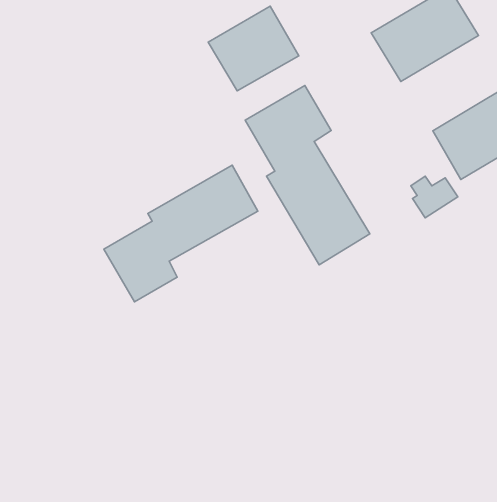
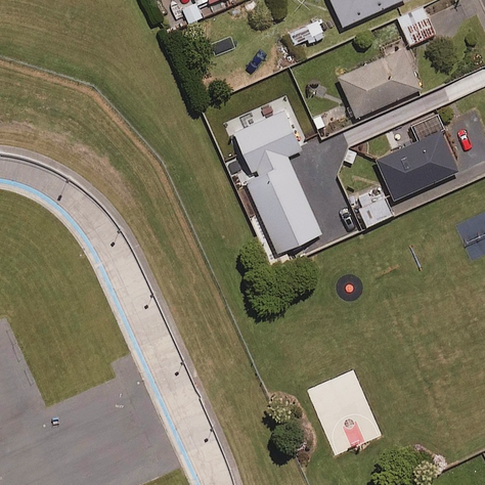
building: [208,6,299,91] -> none
building: [104,165,258,302] -> none

